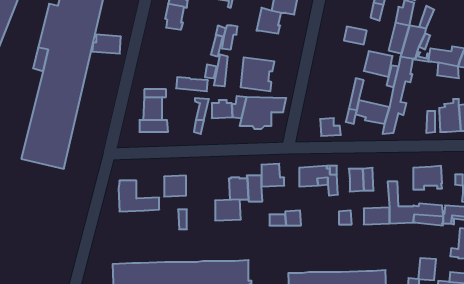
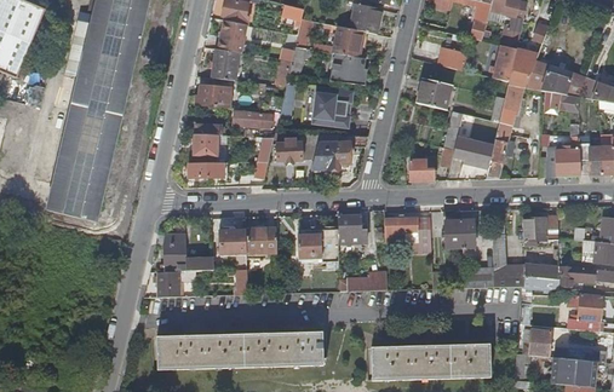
building: none -> [212,47,239,79]
building: none -> [332,52,365,82]
building: [92,35,121,54] -> [195,83,230,106]
building: [364,51,393,77] -> [417,77,452,109]
building: [215,200,241,220] -> [246,227,277,253]
building: none -> [155,271,196,296]

